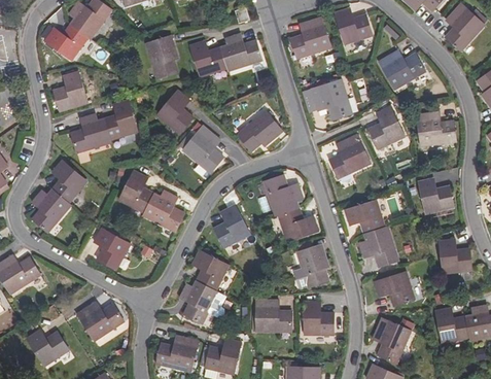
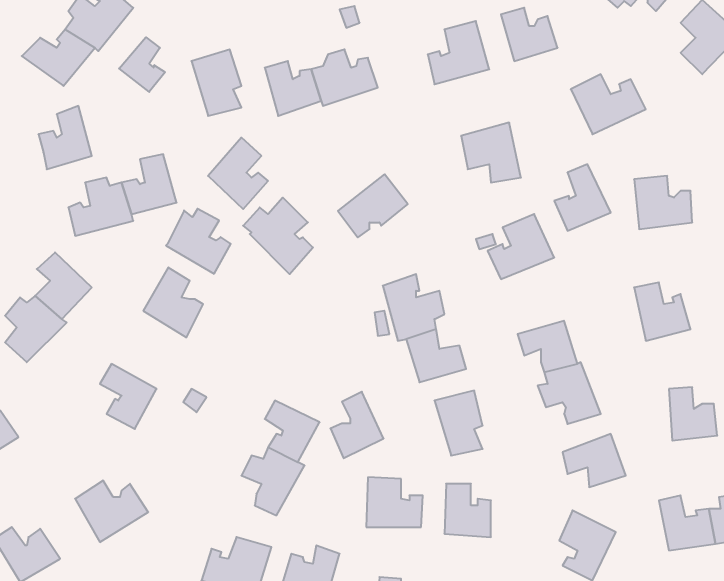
building: none -> [119,37,165,92]
building: [142,192,182,232] -> [166,209,231,274]
building: [214,206,247,247] -> [330,392,384,458]

